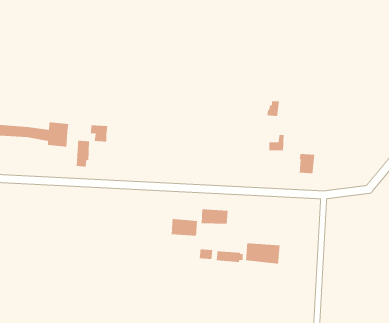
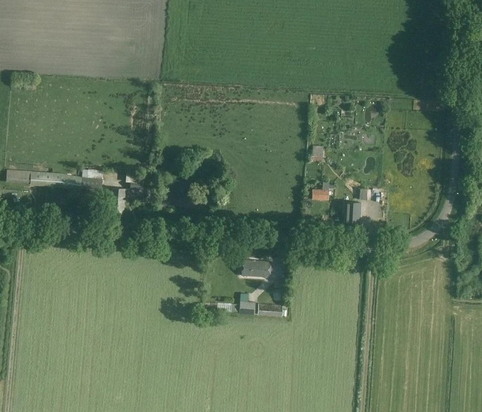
building: [171,218,198,236] -> none
building: [245,243,281,265] -> none

